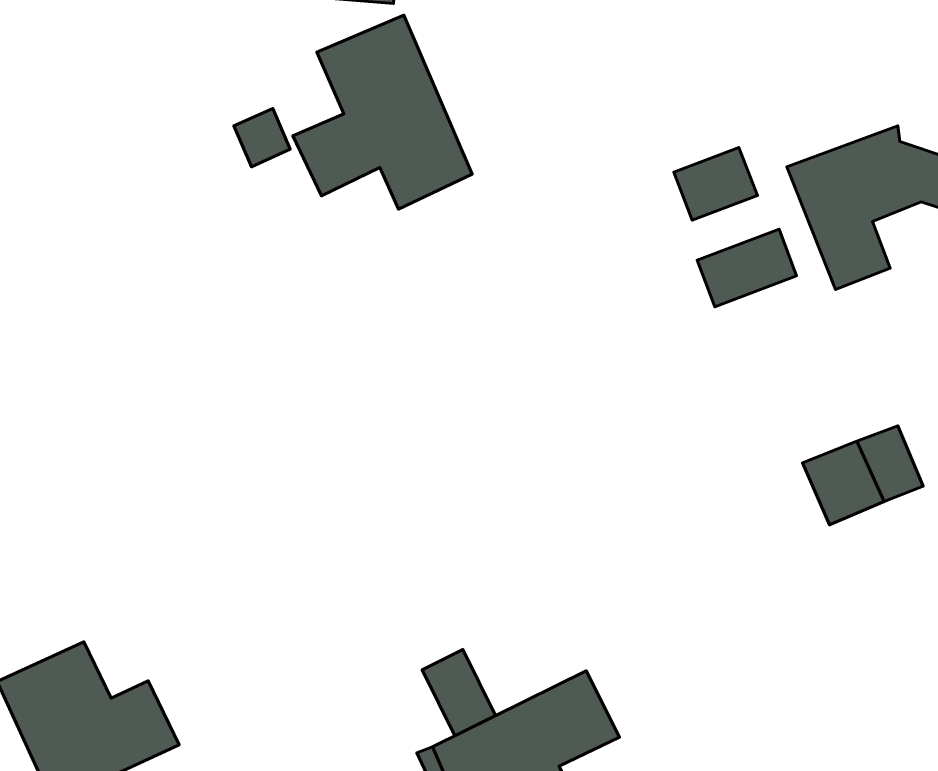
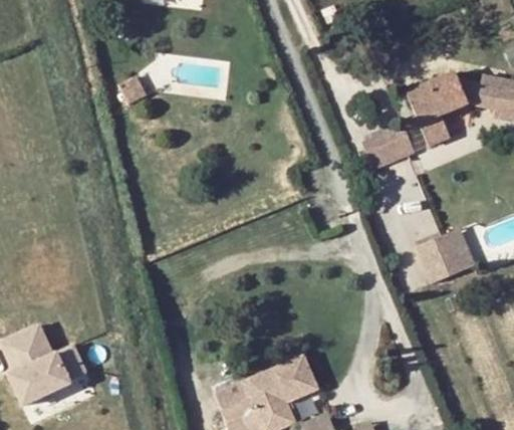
building: [293,15,472,209] -> none
building: [674,148,757,220] -> none
building: [422,650,495,736] -> none

